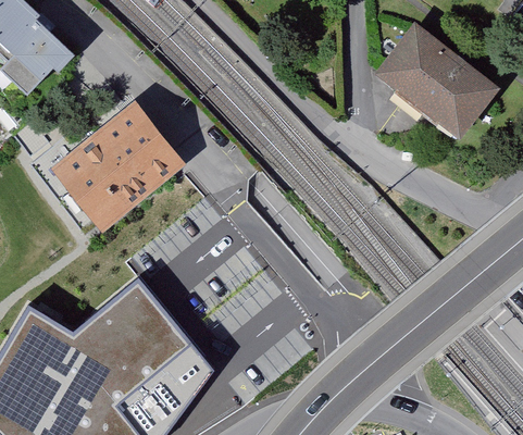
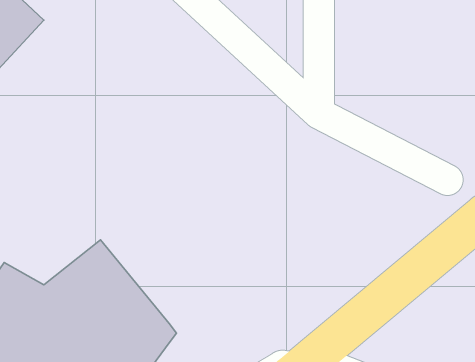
building: [388,39,493,137] -> none
building: [64,109,178,219] -> none

